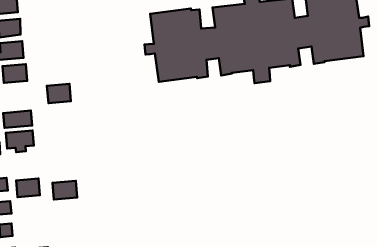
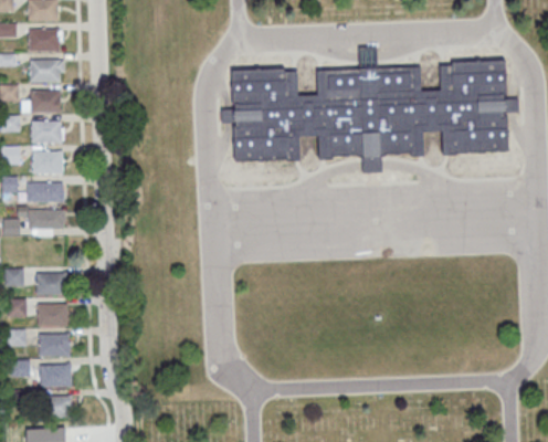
building: [47,84,71,103] -> [32,150,62,173]
building: [52,181,77,199] -> [38,304,68,326]
building: none -> [39,335,68,356]

